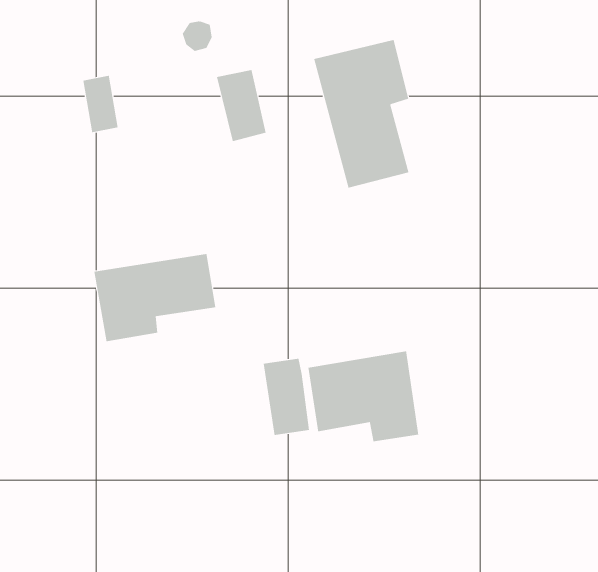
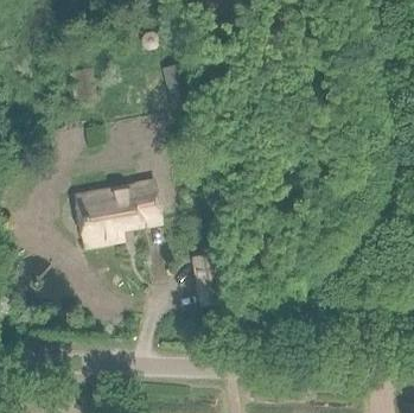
building: [314,39,409,189] -> none
building: [308,350,419,442] -> none

